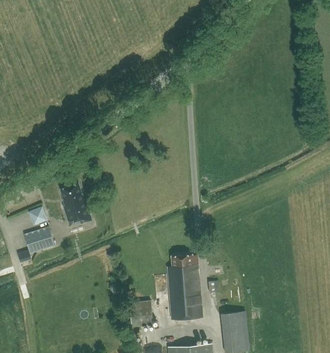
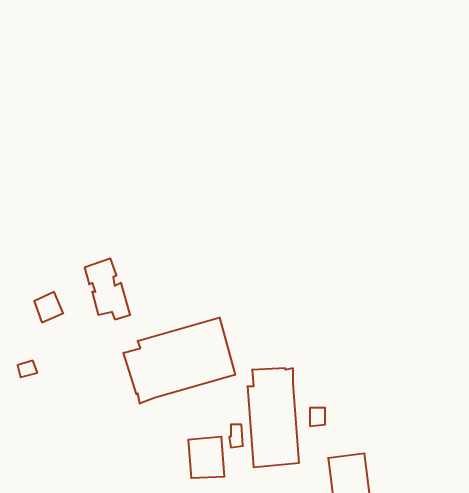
building: none -> [123,317,235,404]
building: [24,227,55,253] -> none

